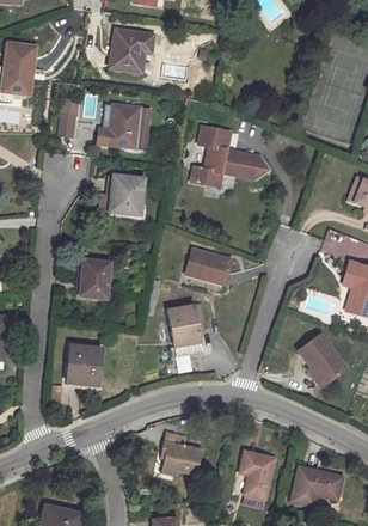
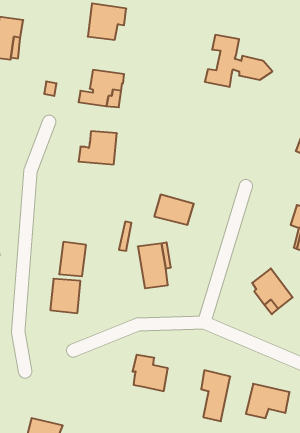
building: [191,126,269,185] -> [205,35,272,87]
building: [80,257,111,296] -> [59,242,86,276]

